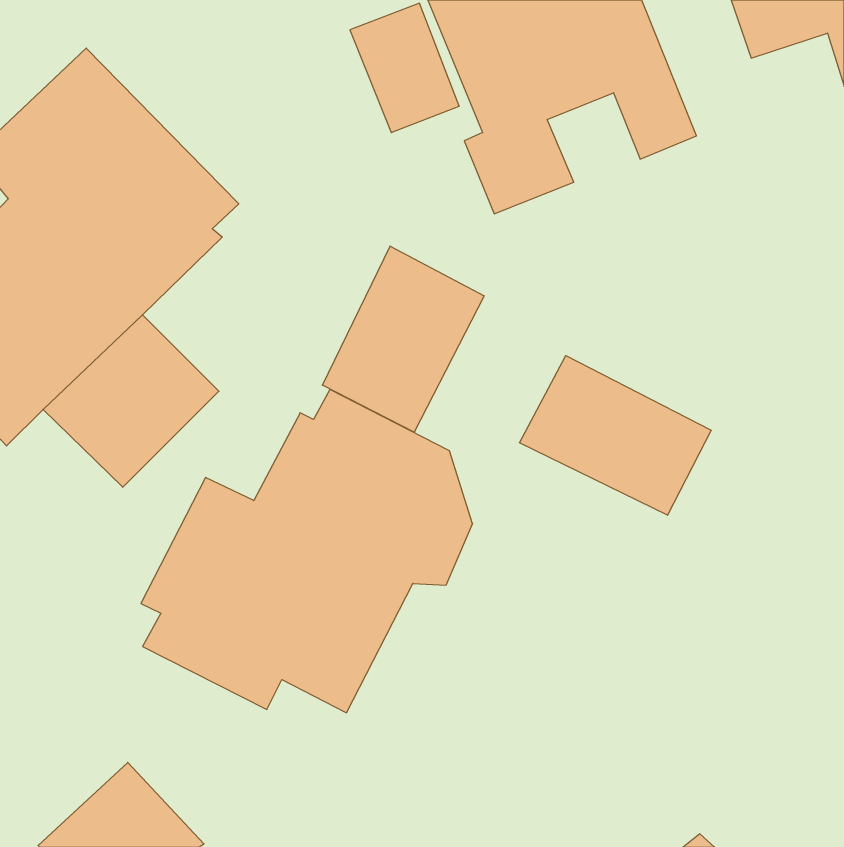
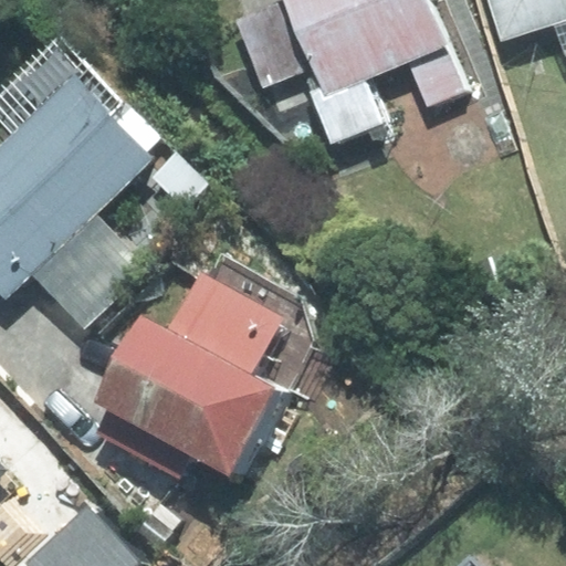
building: [322,246,484,432] -> none
building: [519,356,711,515] -> none

